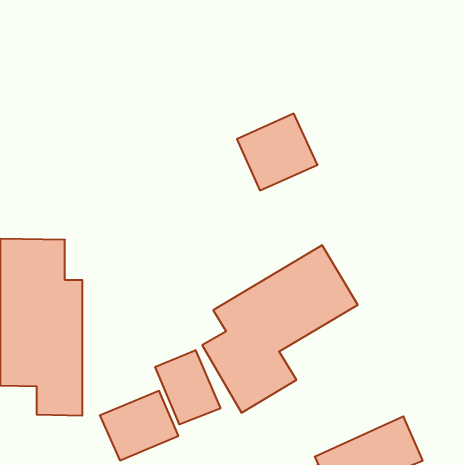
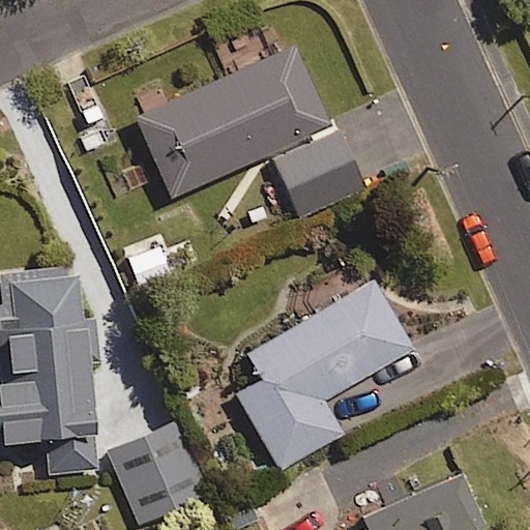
building: none -> [136,46,327,196]
building: [155,350,220,424] -> none

